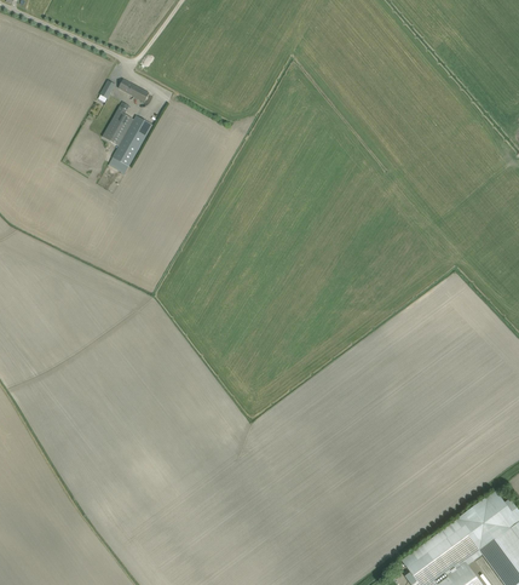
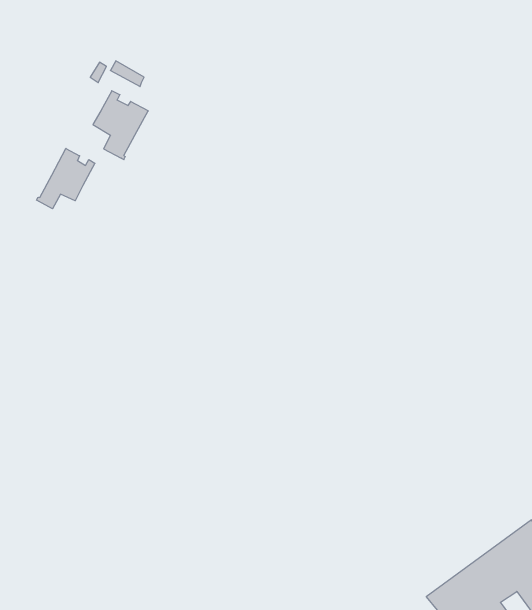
building: none -> [37,148,95,209]

